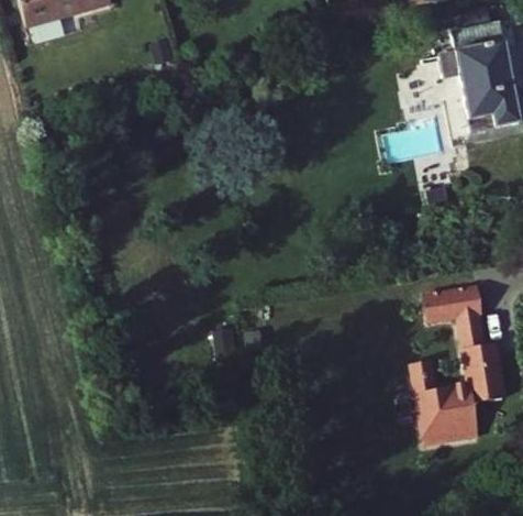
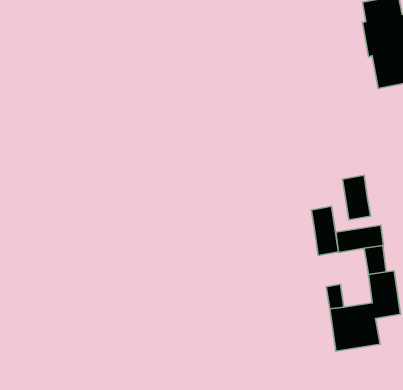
building: none -> [343,175,371,220]
building: none -> [311,206,339,256]

